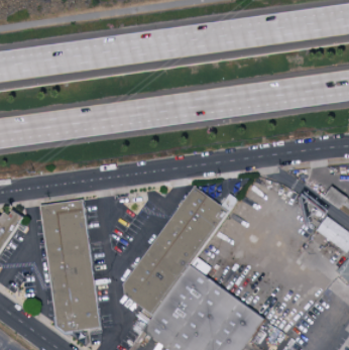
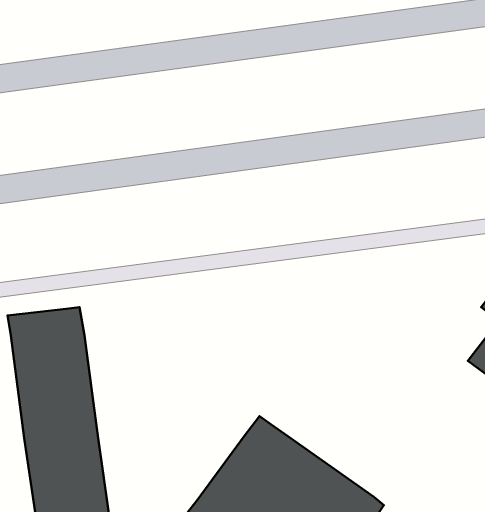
building: [123,187,229,316] -> none

